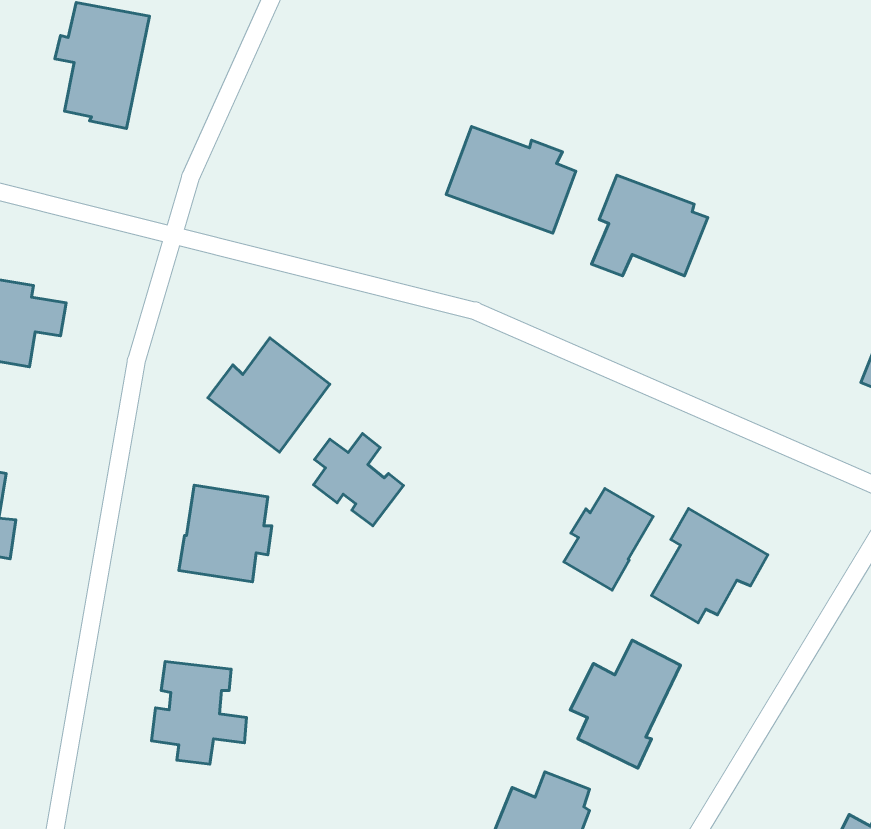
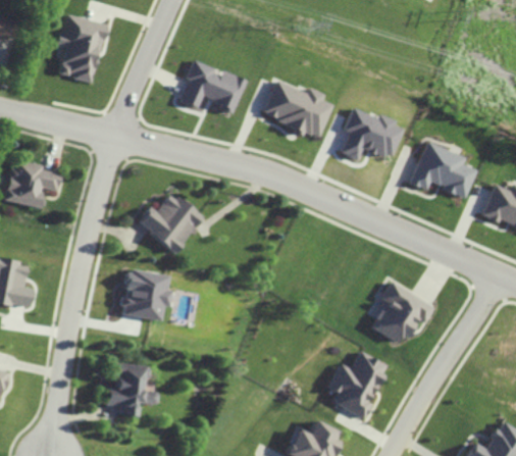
building: none -> [180,61,245,111]
building: none -> [407,142,473,198]
building: [313,433,403,526] -> none
building: [564,488,653,590] -> none

